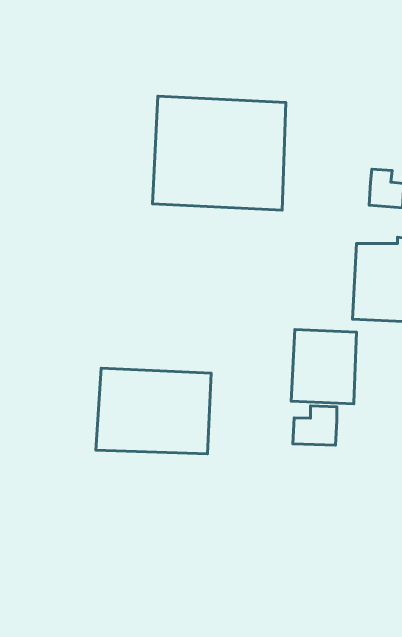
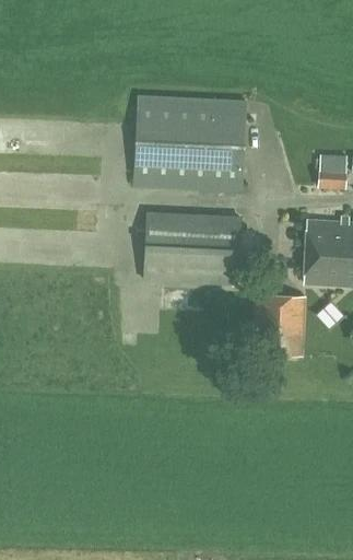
building: [96,368,211,454] -> [143,211,242,284]
building: [293,406,337,445] -> none

